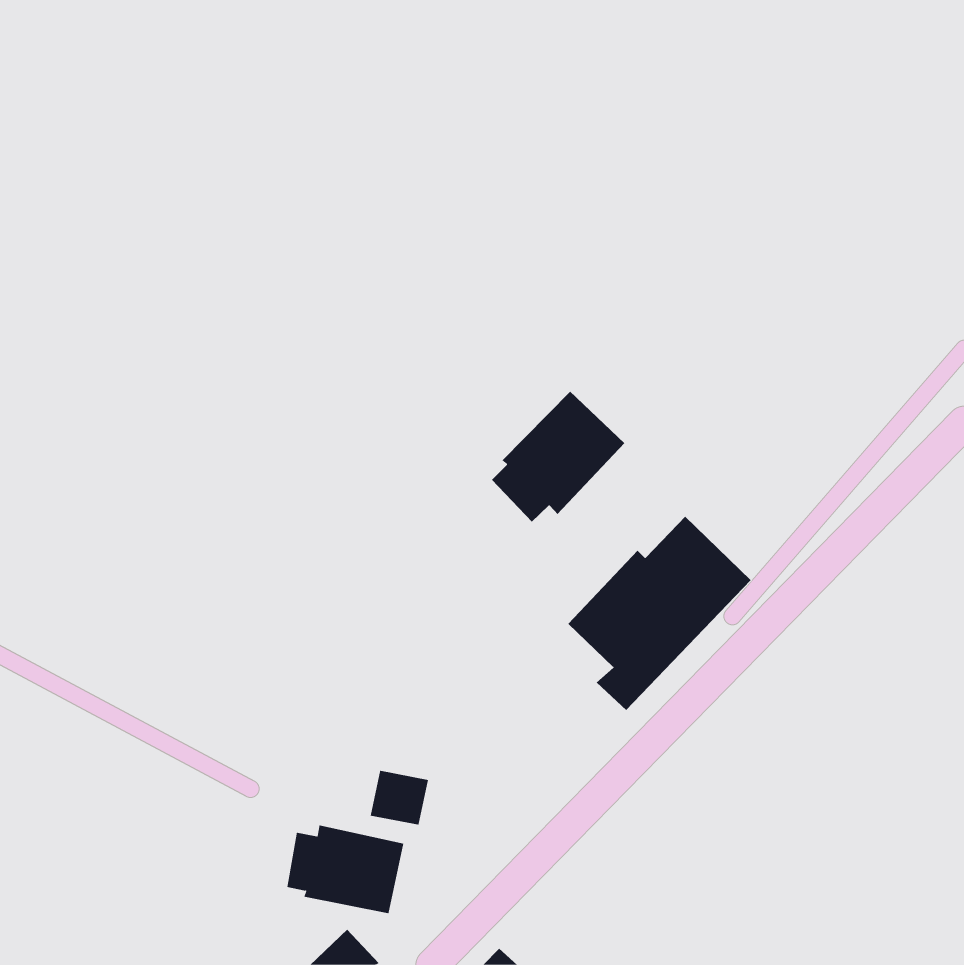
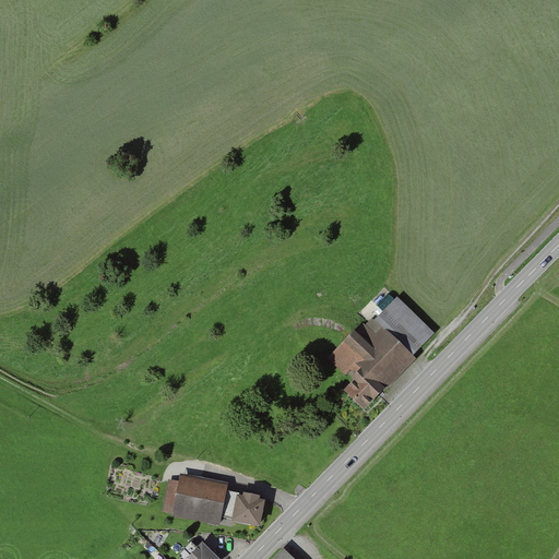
building: [491,391,625,523] -> none
building: [370,770,429,825] -> [239,492,273,524]

